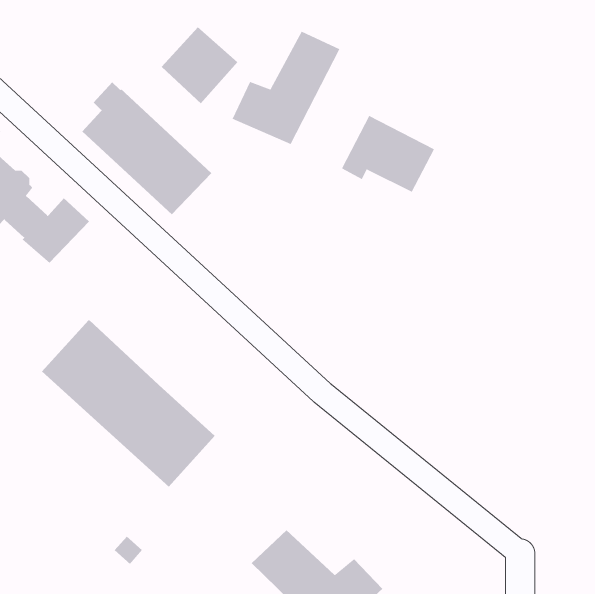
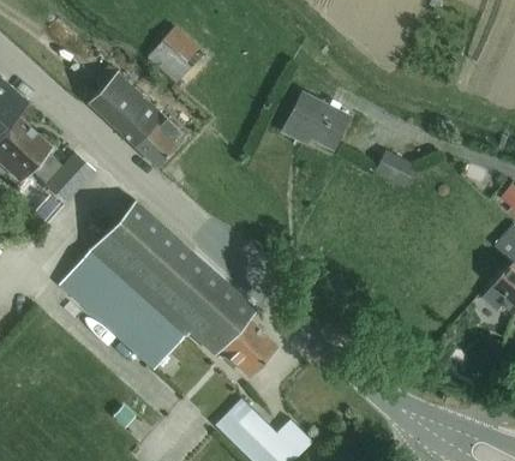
building: [232,31,340,145] -> none
building: none -> [376,152,415,187]
building: none -> [95,200,280,378]

